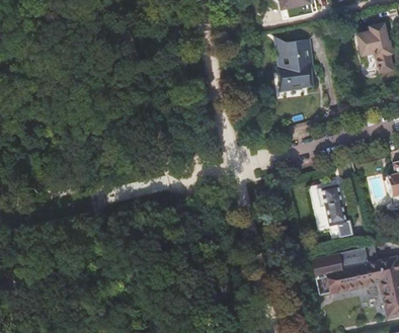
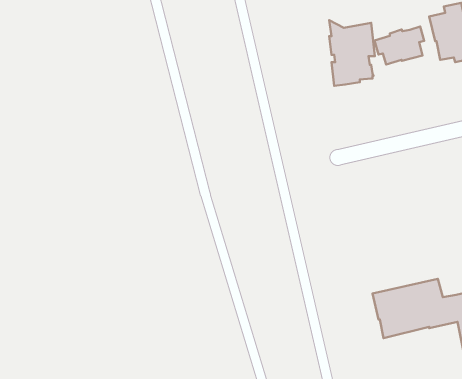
building: none -> [375,27,424,64]
building: [316,182,352,235] -> none

